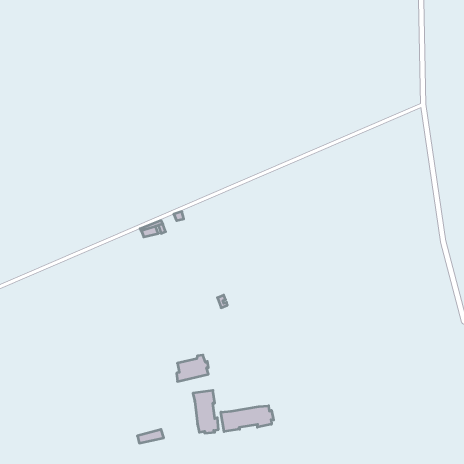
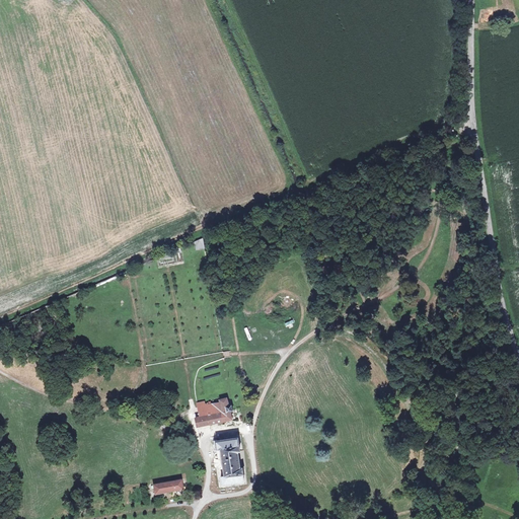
building: [221,406,274,432] -> none

